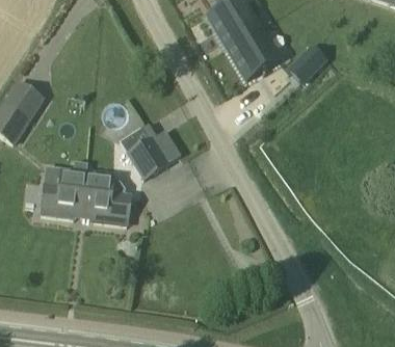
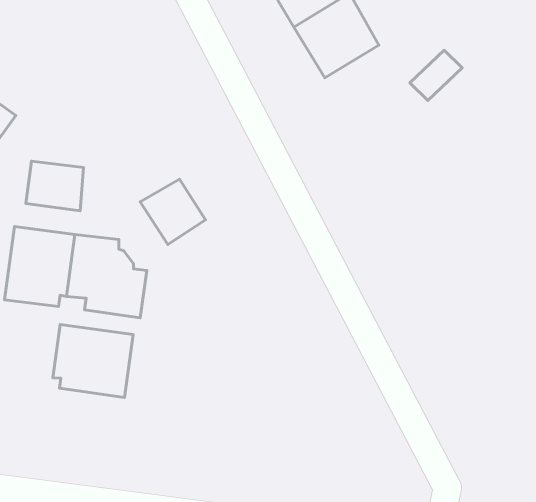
building: none -> [26,161,83,211]
building: none -> [53,325,133,398]

